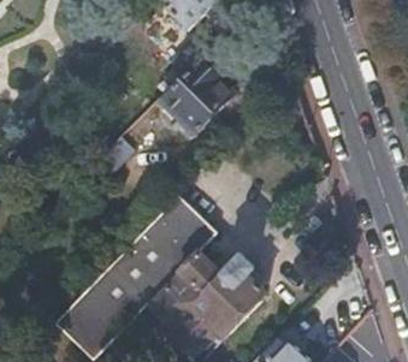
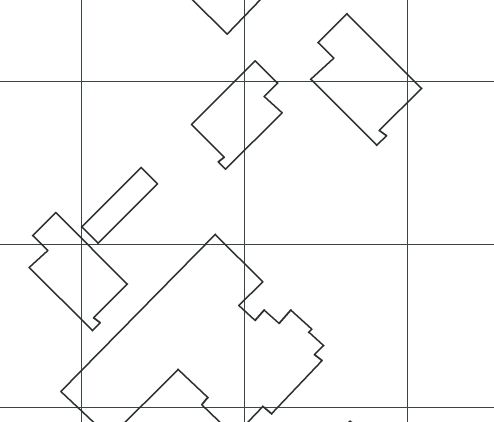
building: none -> [311,14,422,145]
building: none -> [29,213,127,331]

